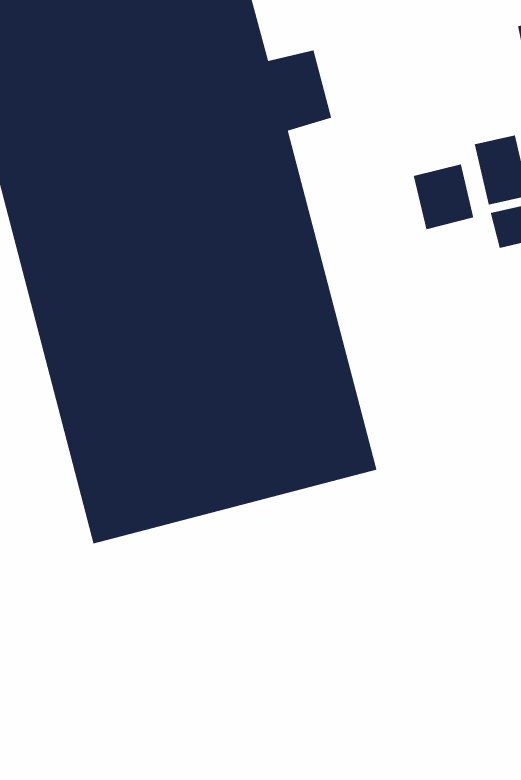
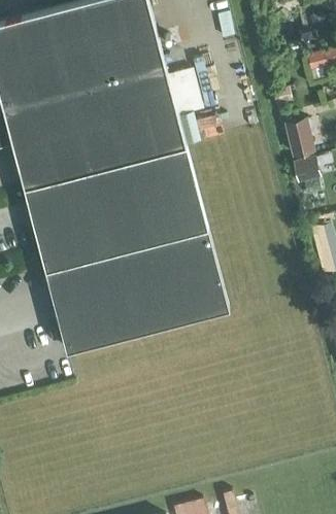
building: [413,163,474,230] -> none

